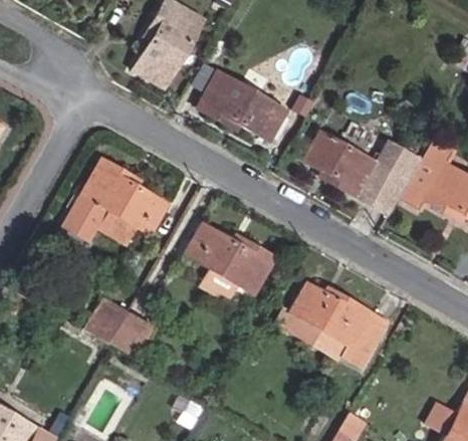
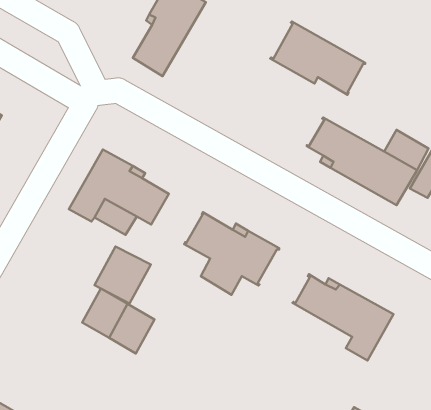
building: [195,69,287,141] -> [270,22,365,95]
building: none -> [94,246,151,303]
building: [274,305,346,358] -> none

